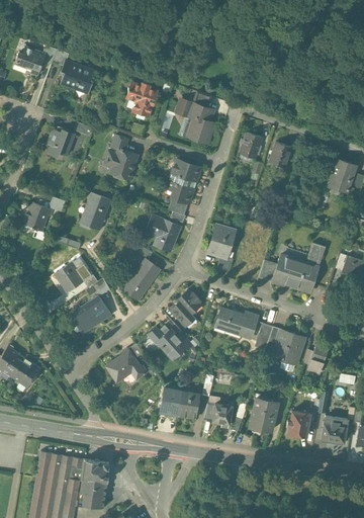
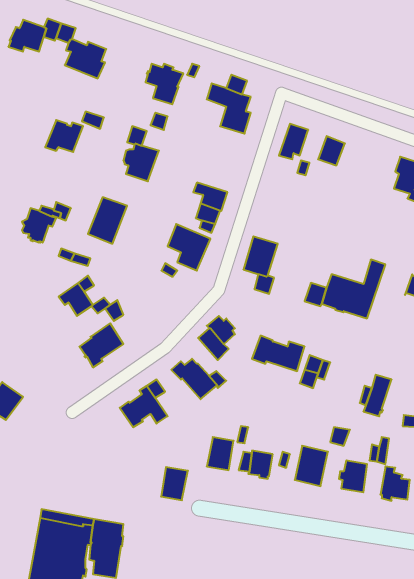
building: [169,159,201,188] -> none
building: [127,259,160,293] -> none
building: [272,330,304,371] -> none
building: [11,357,40,387] -> none
building: [160,387,182,415] -> [161,467,188,500]

